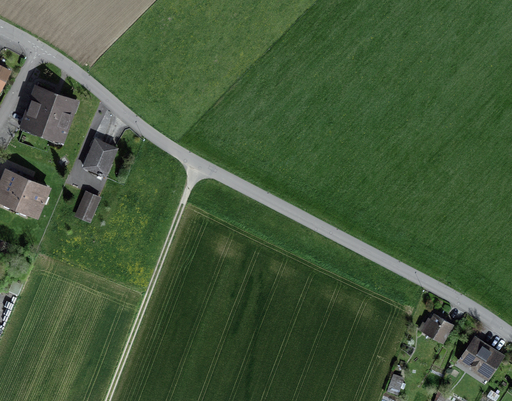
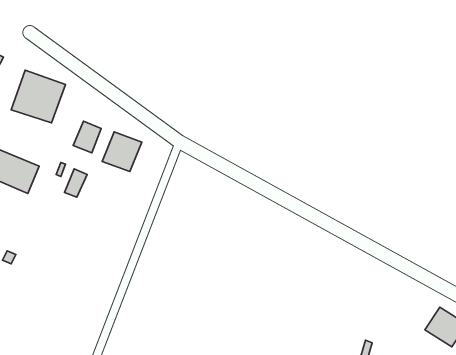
building: none -> [102,132,142,172]
building: [419,316,452,343] -> none

